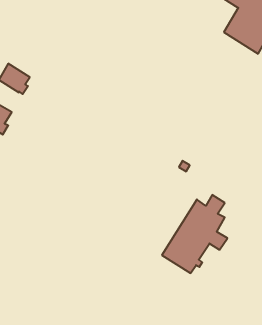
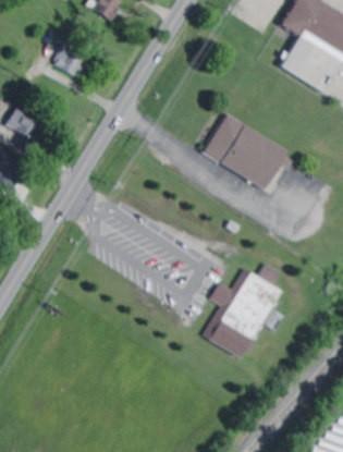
building: none -> [54,44,85,75]
building: none -> [203,115,292,191]

